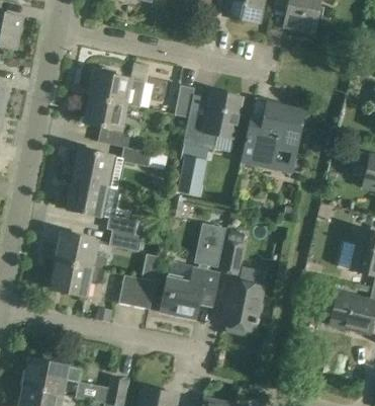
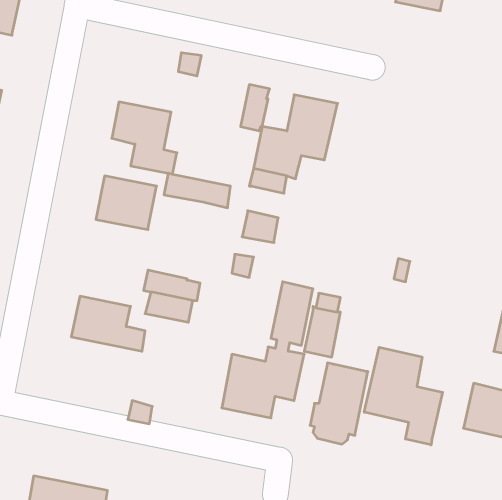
building: [90,64,147,106] -> none
building: [242,102,303,171] -> none
building: [68,178,110,216] -> none
building: [52,260,106,295] -> none
building: none -> [364,347,443,445]
building: [119,274,155,309] -> none

